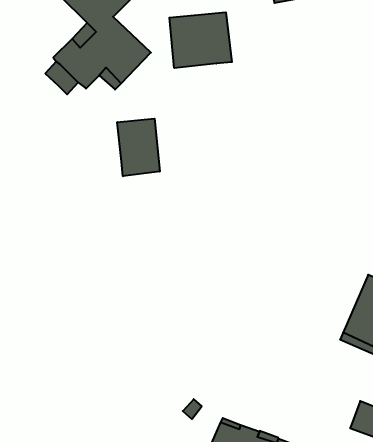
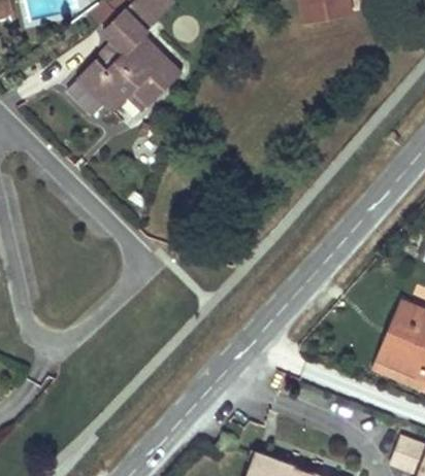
building: [169,12,232,68] -> none
building: [117,119,160,176] -> none

